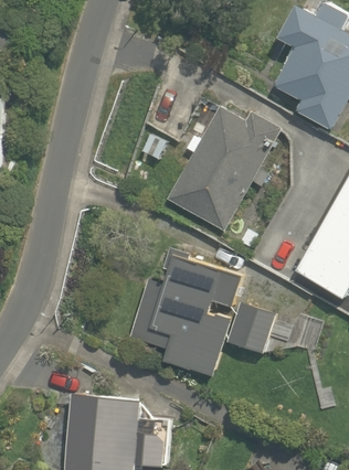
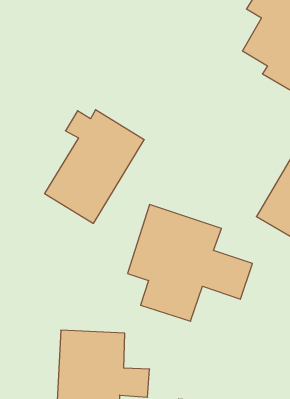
building: [167,108,277,234] -> [45,110,144,223]

